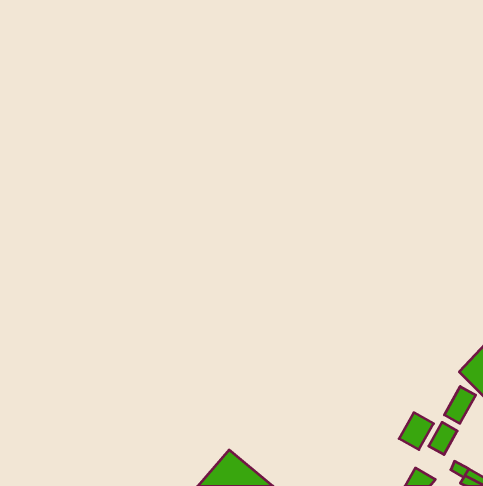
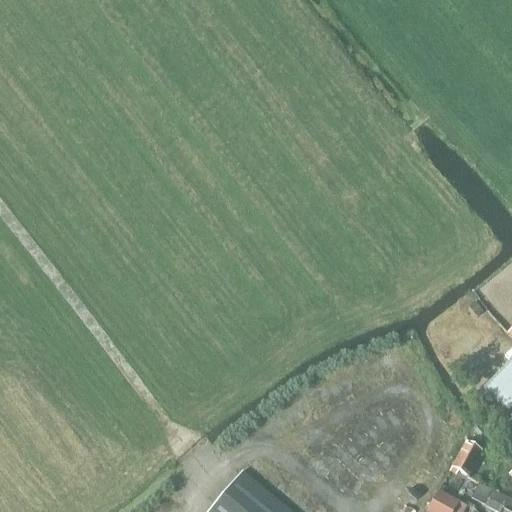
building: [444,386,476,423] -> none
building: [399,413,434,450] -> none

